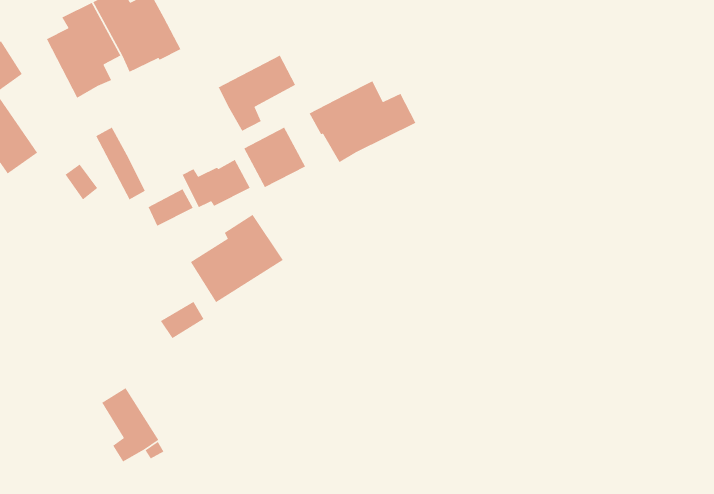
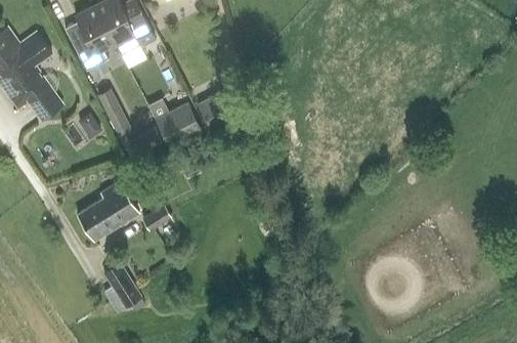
building: [217,55,296,132] -> none
building: [309,80,416,163] -> none
building: [190,214,284,303] -> [78,181,140,241]

